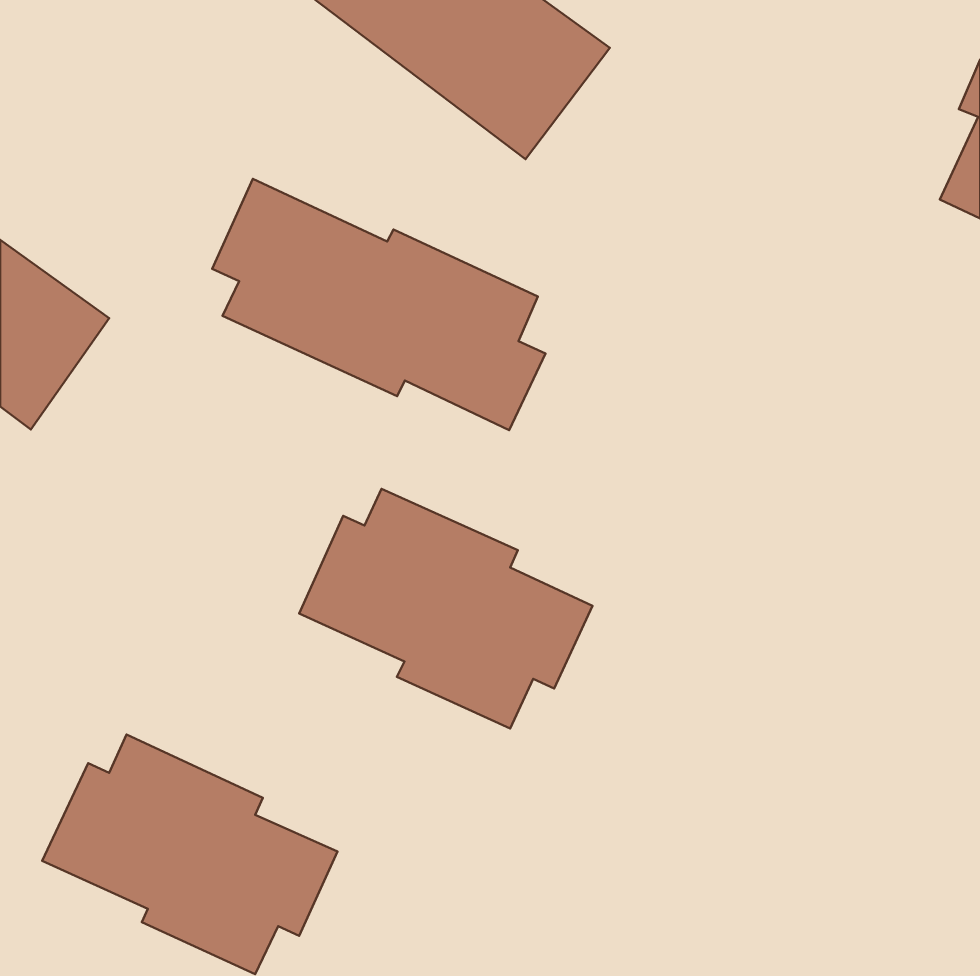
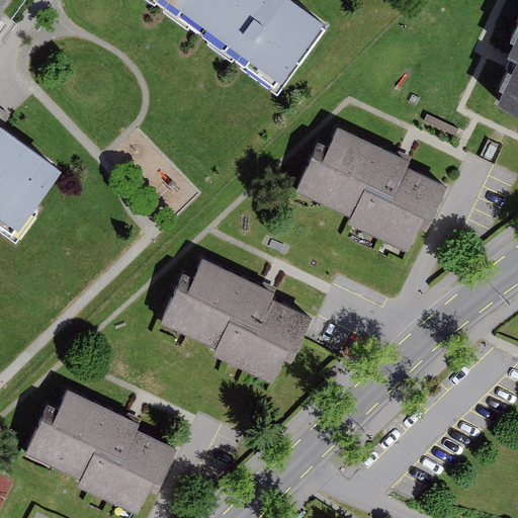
building: [212,179,545,430] -> none
building: none -> [294,125,449,252]

